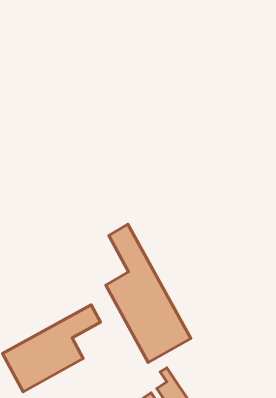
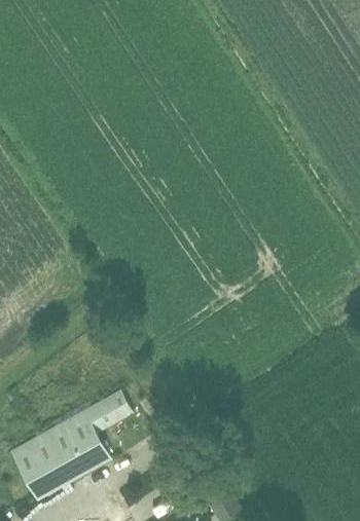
building: [106,224,191,362] -> none

